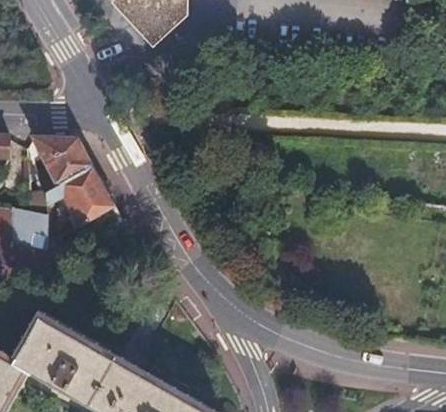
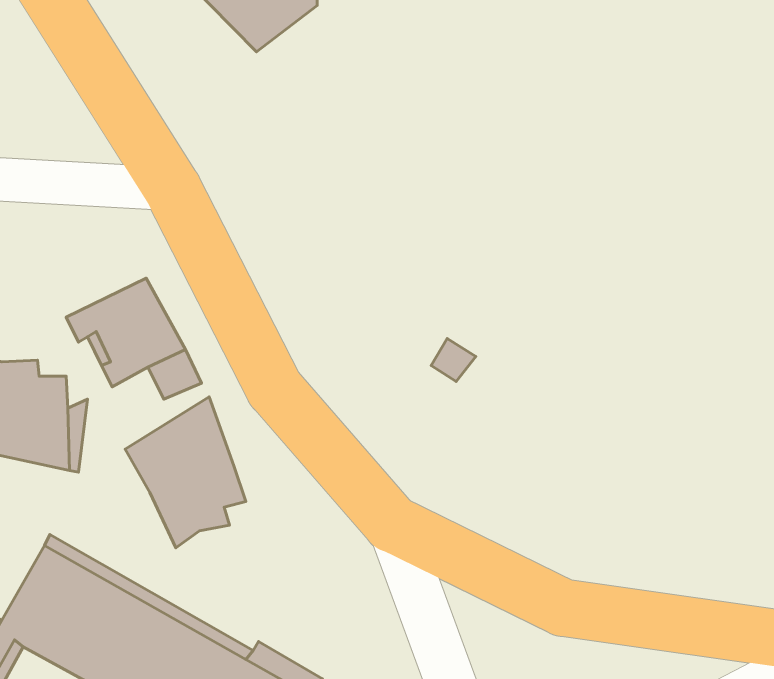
building: [30,136,92,222] -> none
building: none -> [125,397,246,548]

